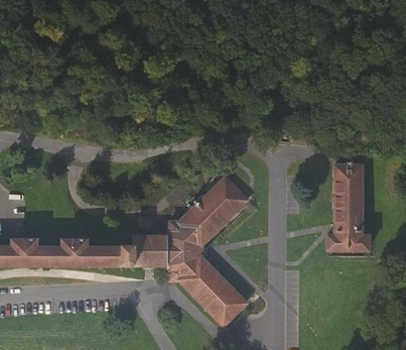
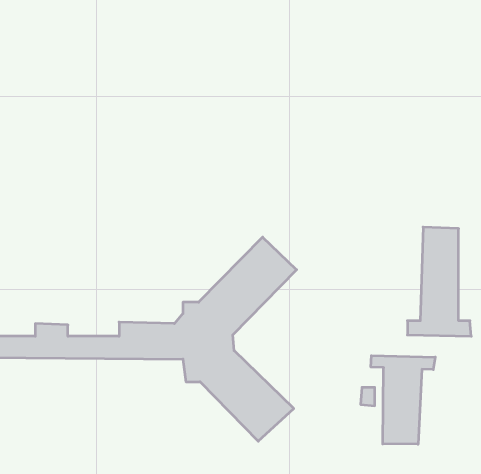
building: none -> [371,356,435,444]

